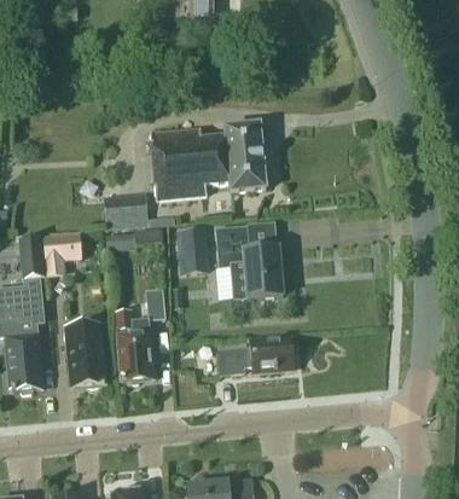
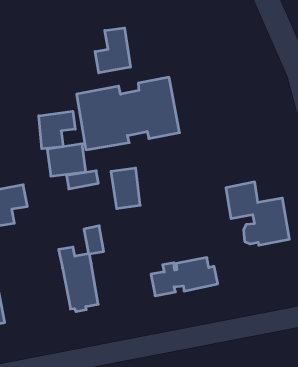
building: none -> [95,28,130,73]
building: none -> [39,111,75,149]
building: [215,224,283,297] -> [226,182,289,245]
building: [66,324,105,388] -> none

